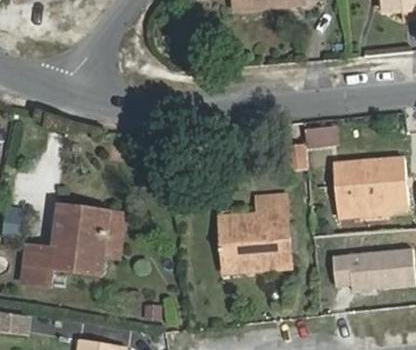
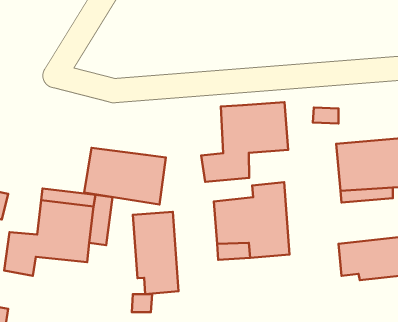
building: none -> [201,102,288,182]
building: none -> [84,148,166,204]
building: none -> [133,212,179,294]

